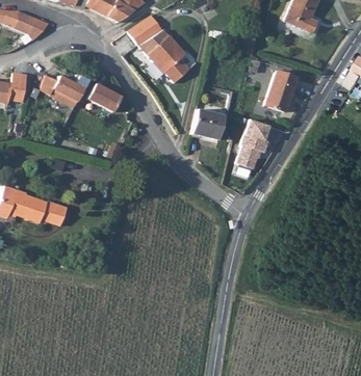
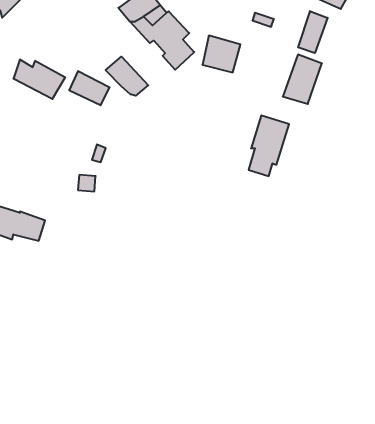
building: none -> [298,11,328,53]
building: none -> [106,57,148,96]
building: [192,109,224,139] -> [202,36,240,72]

